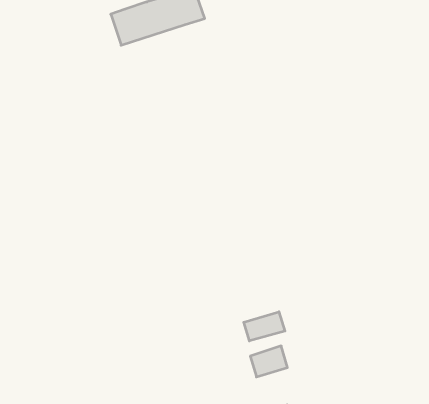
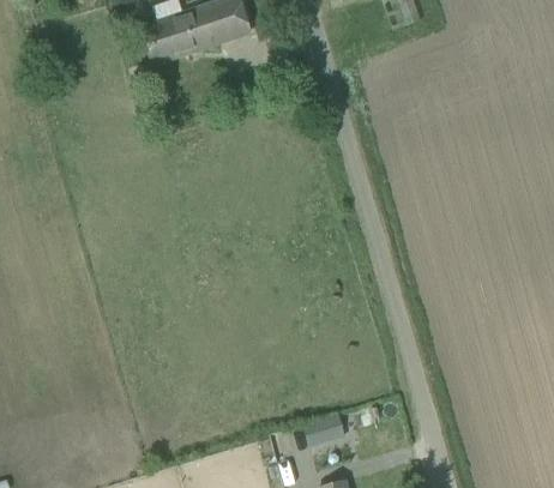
building: [244,312,285,341] -> none

